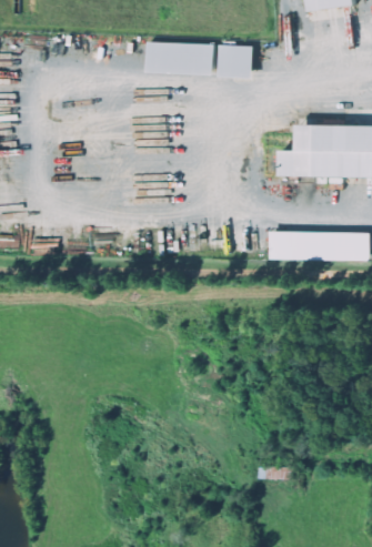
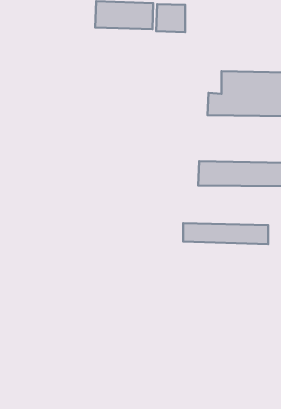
building: none -> [183,223,268,244]

